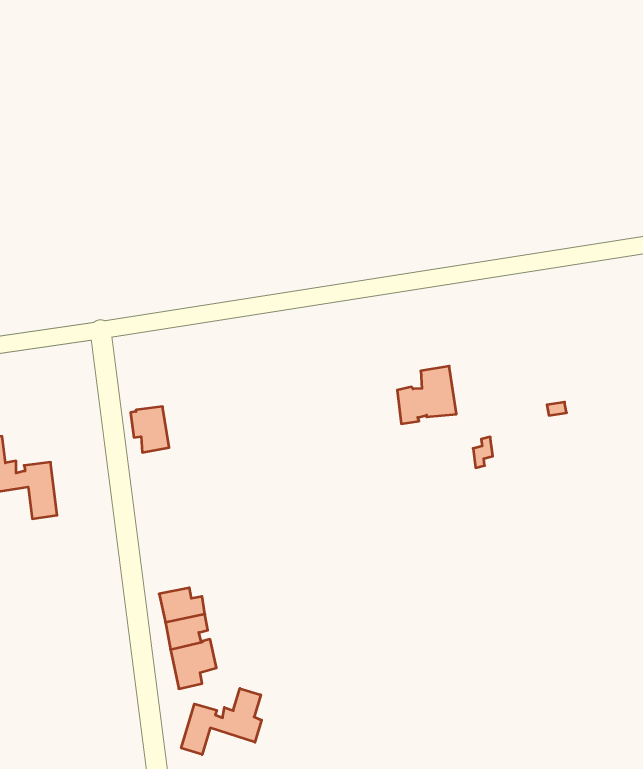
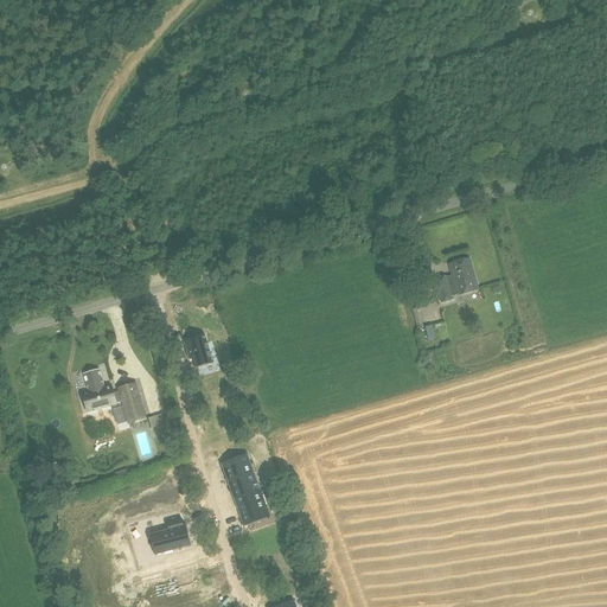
building: [397,366,456,424] -> [434,255,477,299]
building: none -> [149,515,189,550]
building: [181,688,262,755] -> none

